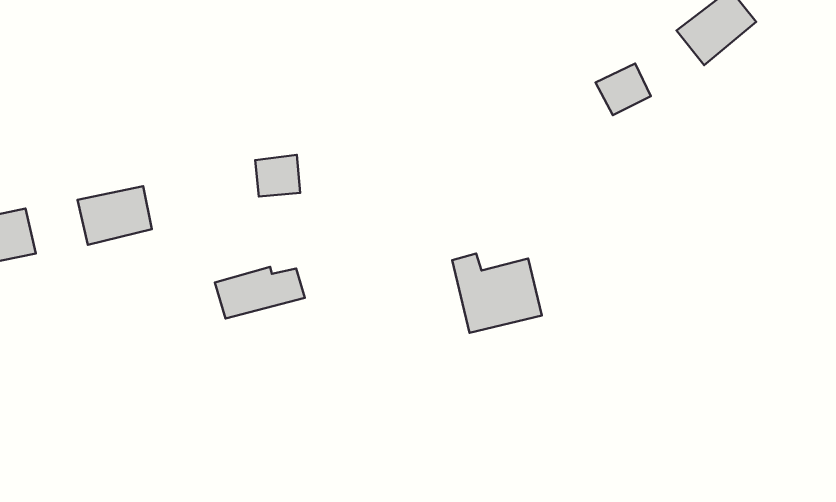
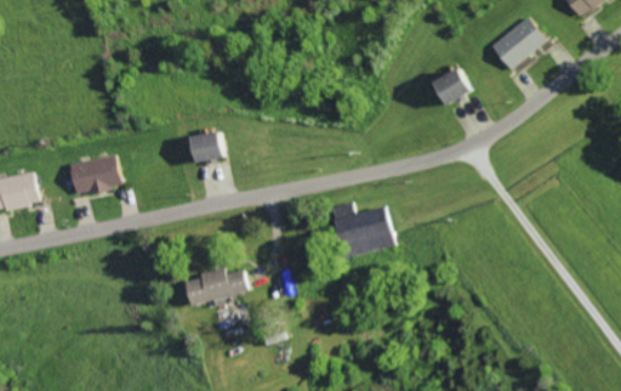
building: [215,267,305,319] -> [182,270,245,306]

